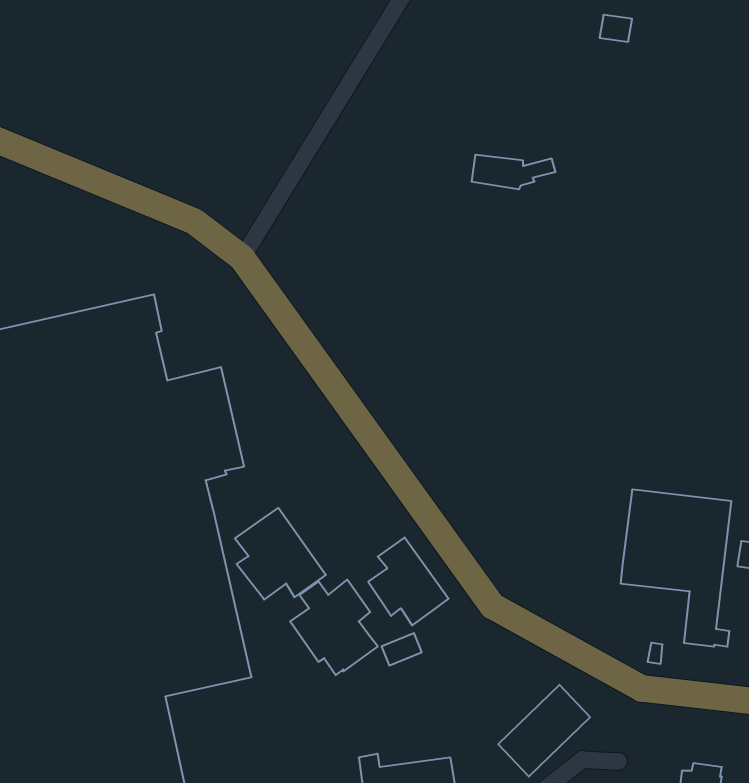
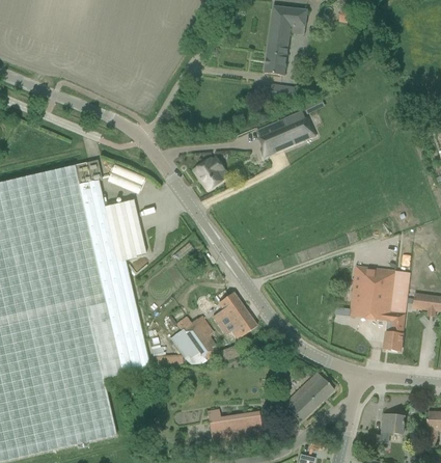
building: none -> [264,6,307,75]
building: none -> [255,112,311,159]
building: none -> [196,156,223,190]
building: [235,508,326,600] -> none

